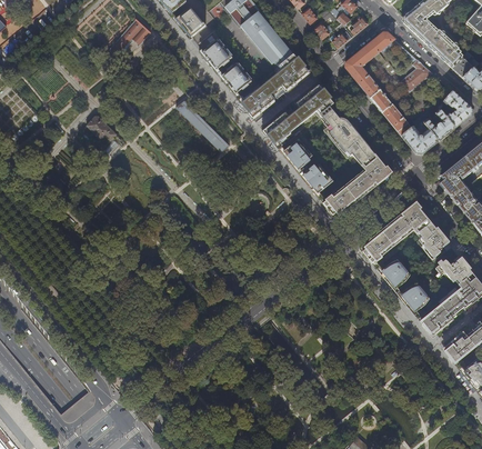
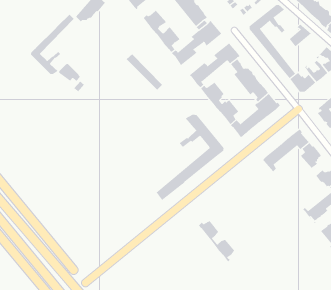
building: none -> [30,14,74,75]
building: none -> [156,114,224,201]
building: [379,258,430,316] -> [198,221,235,262]

